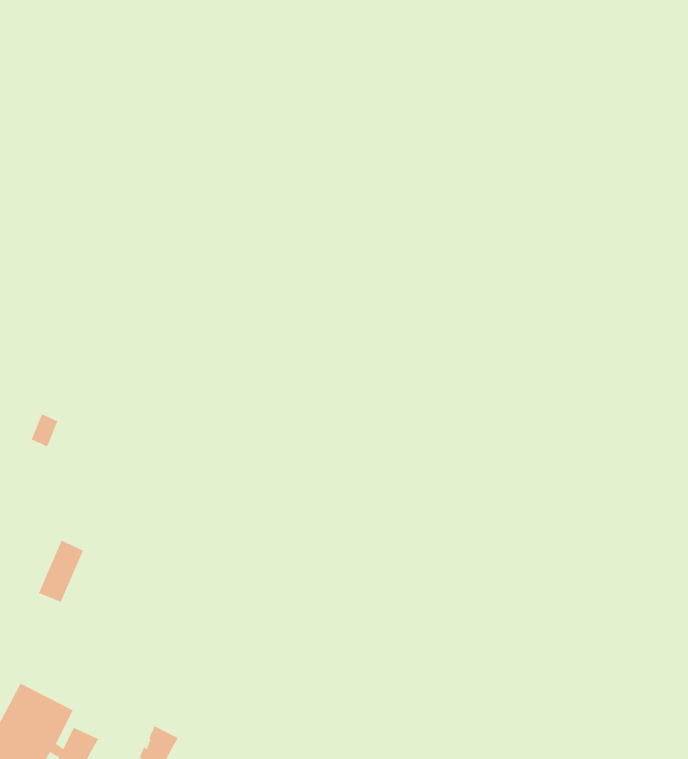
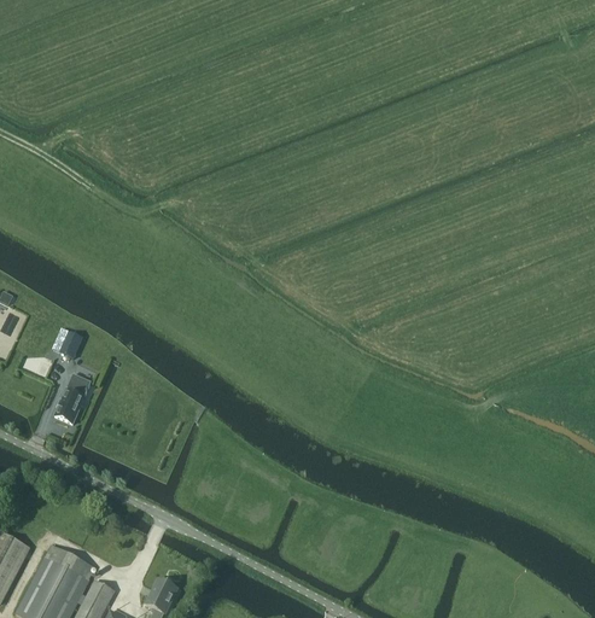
building: [38,540,84,602] -> [54,374,91,424]

